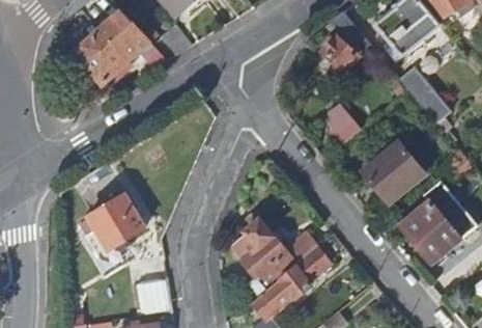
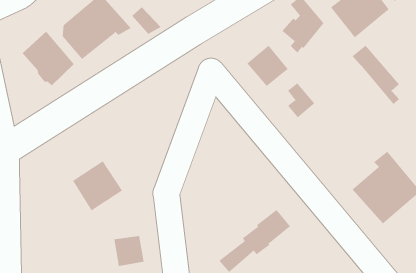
building: none -> [22,31,75,86]
building: none -> [247,45,288,87]
building: [361,143,424,206] -> none
building: [230,219,316,295] -> none

